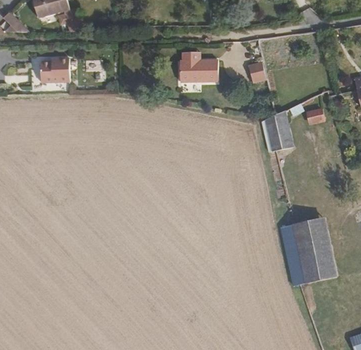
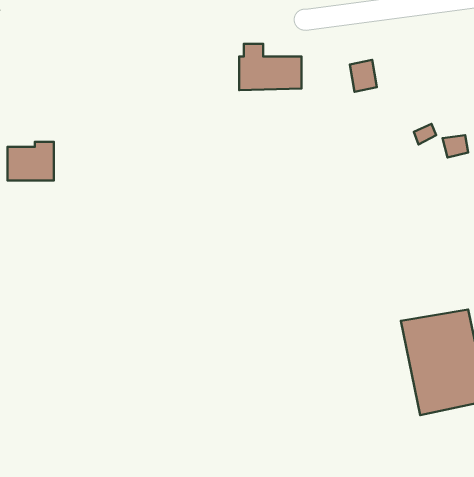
building: [41,56,70,80] -> [7,142,54,180]
building: [262,110,292,151] -> none

